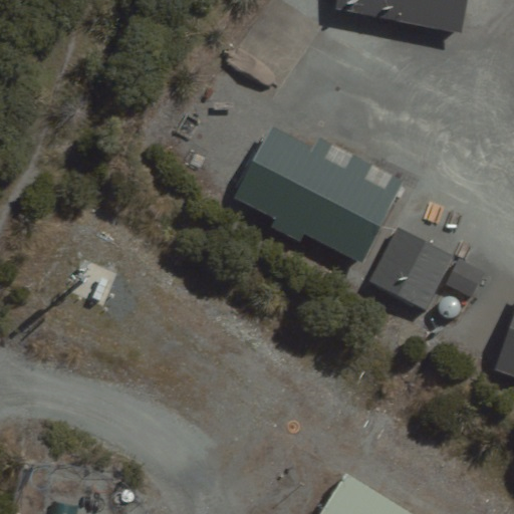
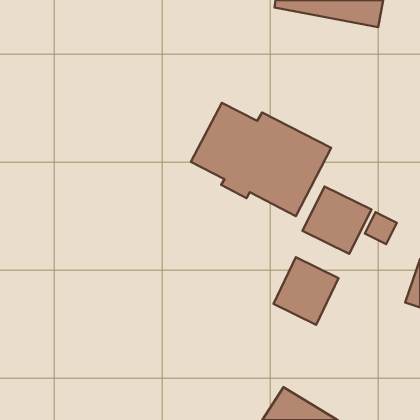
building: none -> [273,257,339,325]

